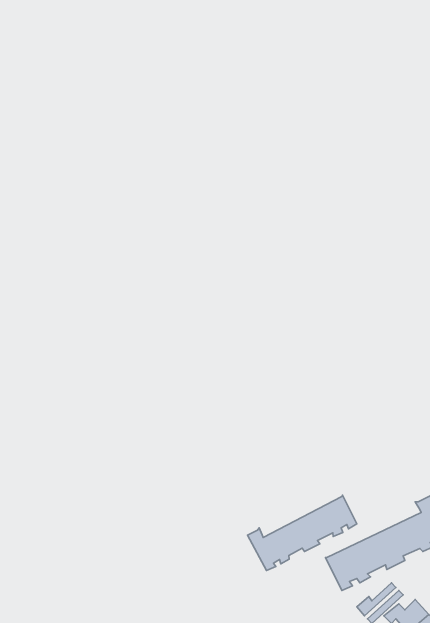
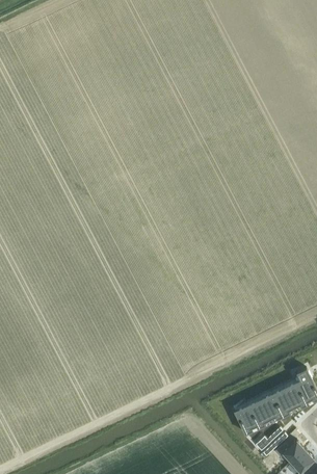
building: [247,495,357,571] -> none

